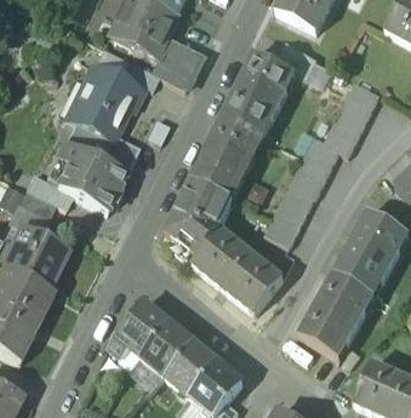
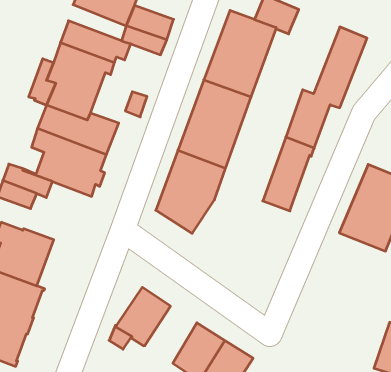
building: [193,228,282,313] -> none
building: [299,271,375,356] -> none
building: [141,322,192,376] -> none

